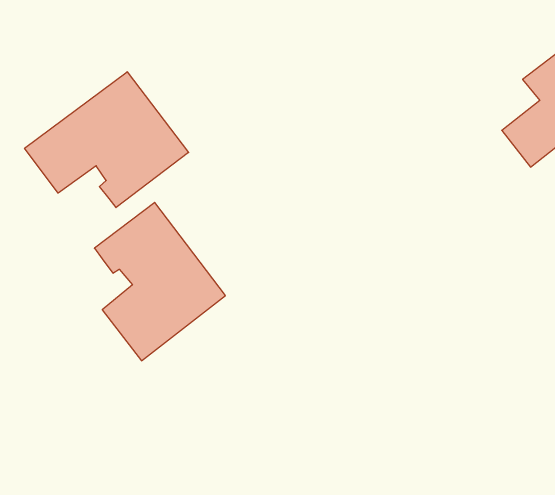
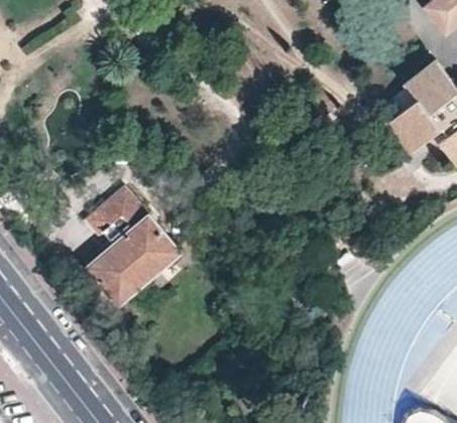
building: [25,72,189,208] -> none

